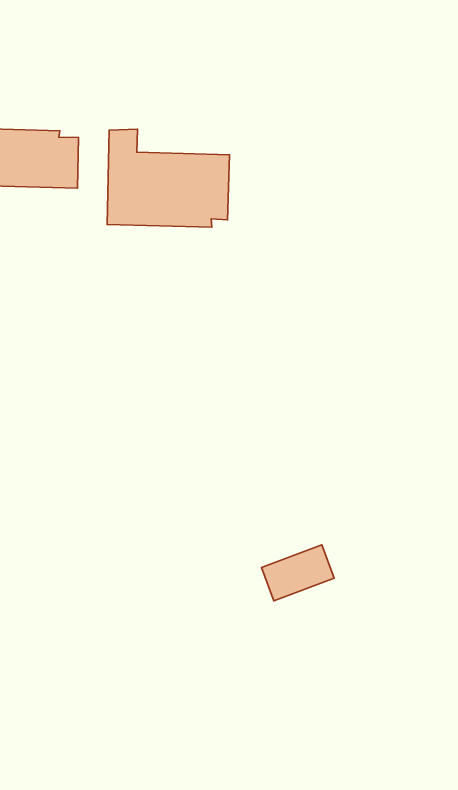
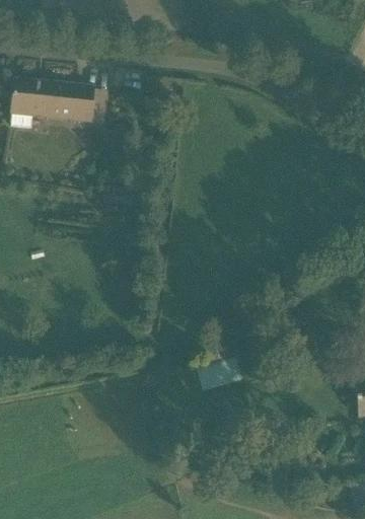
building: [107,129,229,227] -> none

